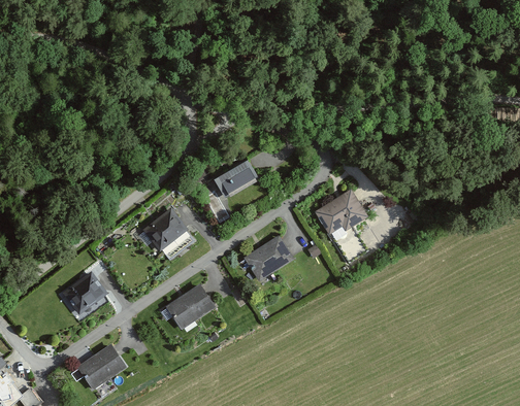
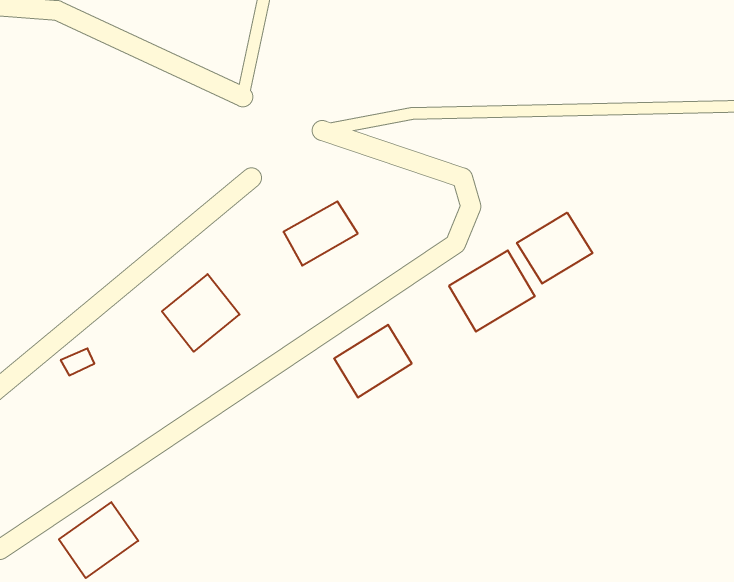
building: none -> [517,213,592,284]
building: [64,270,108,314] -> none
building: [165,283,214,329] -> none

